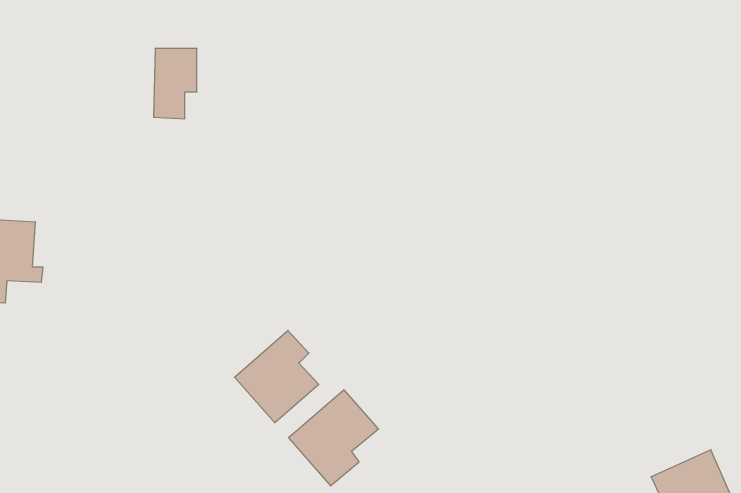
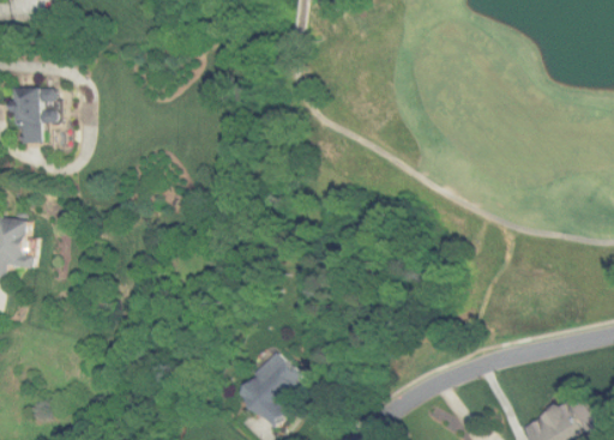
building: [154,48,197,119] -> [11,86,46,143]
building: [234,330,319,423] -> none

